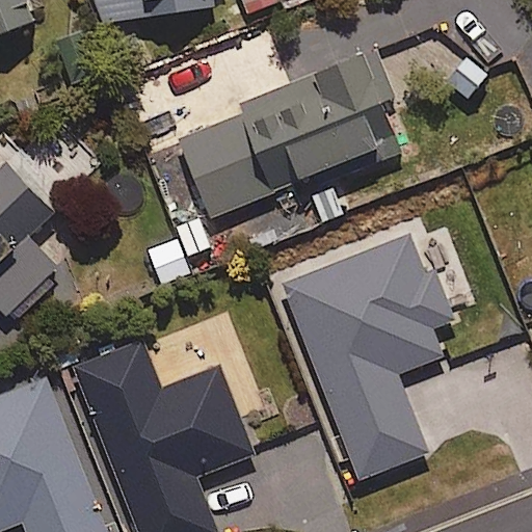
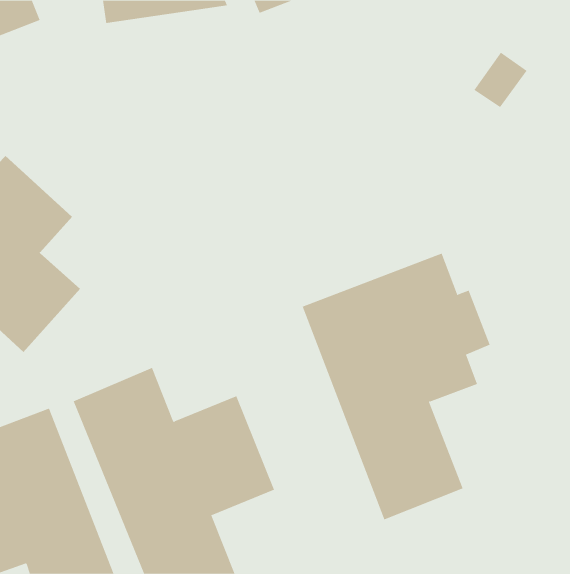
building: [178,50,401,217] -> none

